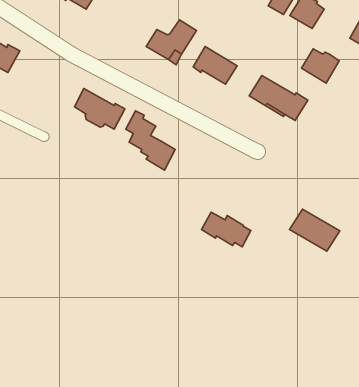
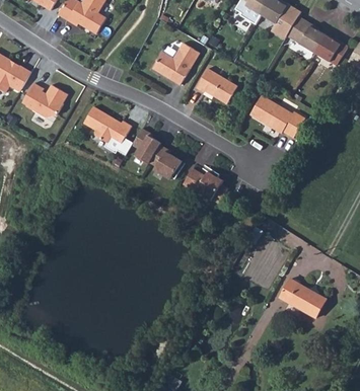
building: [302,49,339,83] -> [308,31,344,64]
building: none -> [23,83,68,116]
building: [289,209,340,251] -> [279,278,327,317]
building: [201,212,251,247] -> [181,172,227,205]

